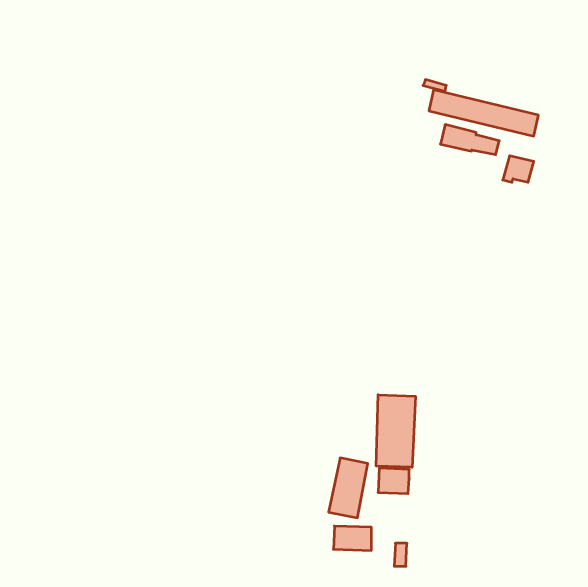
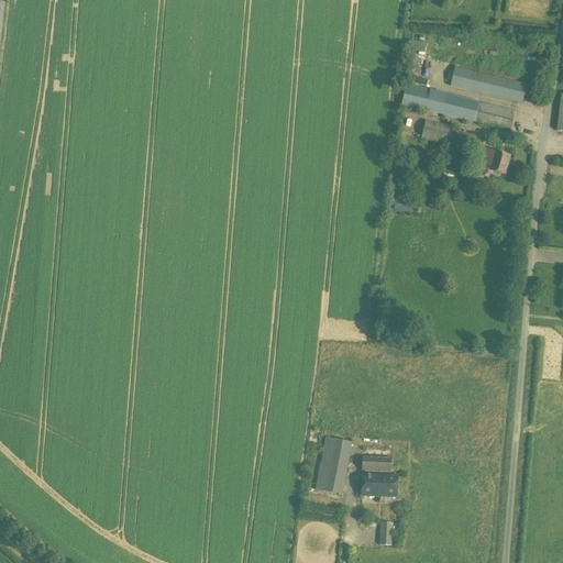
building: none -> [449,66,526,102]
building: [376,395,415,467] -> none
building: [333,526,371,550] -> [360,473,396,496]

